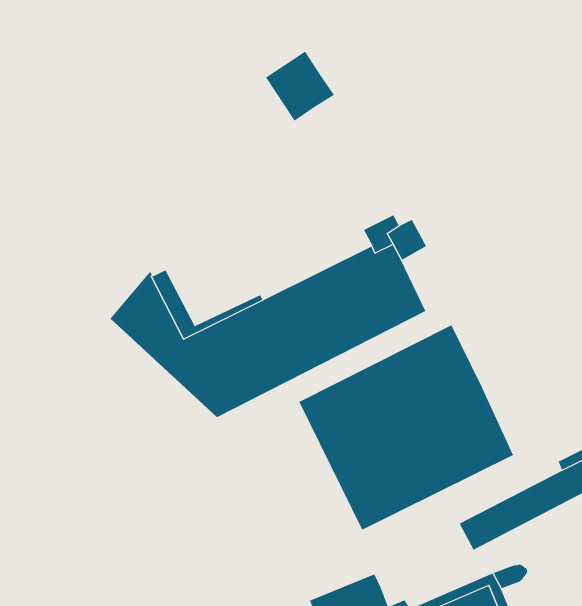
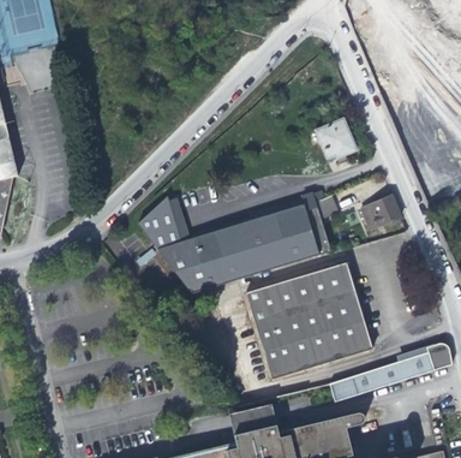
building: [265,51,335,121] -> [316,118,357,160]
building: none -> [363,194,401,228]

